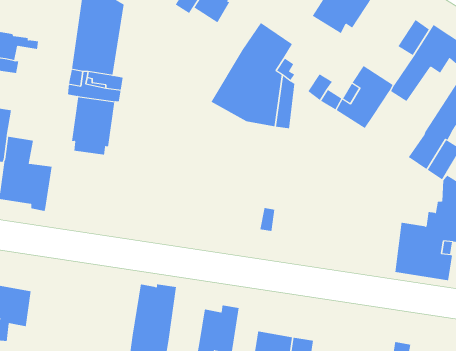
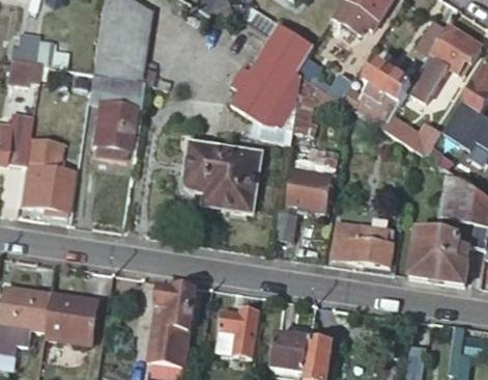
building: none -> [383,118,441,159]
building: none -> [188,141,263,210]
building: none -> [289,155,338,208]
building: none -> [338,217,396,262]
building: none -> [47,292,102,342]

